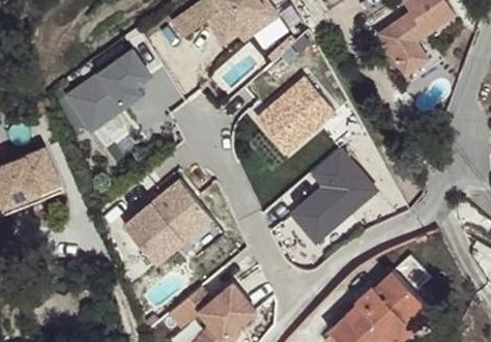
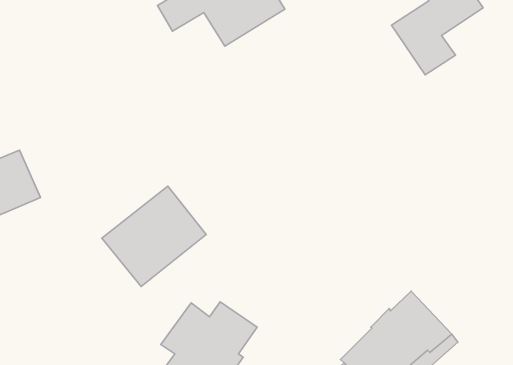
building: [58,45,151,135] -> none
building: [253,75,336,156] -> none
building: [288,145,380,243] -> none

